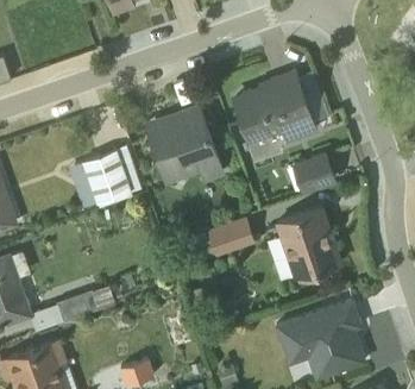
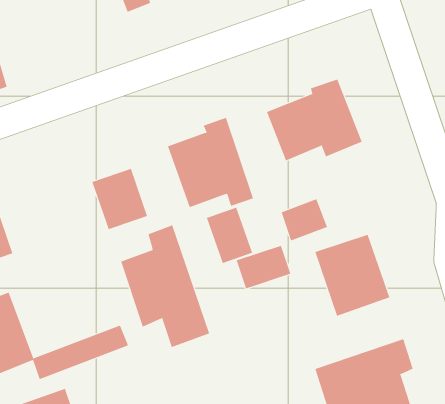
building: [293,151,333,188] -> [281,198,328,241]
building: none -> [206,207,253,264]
building: none -> [121,224,210,348]

